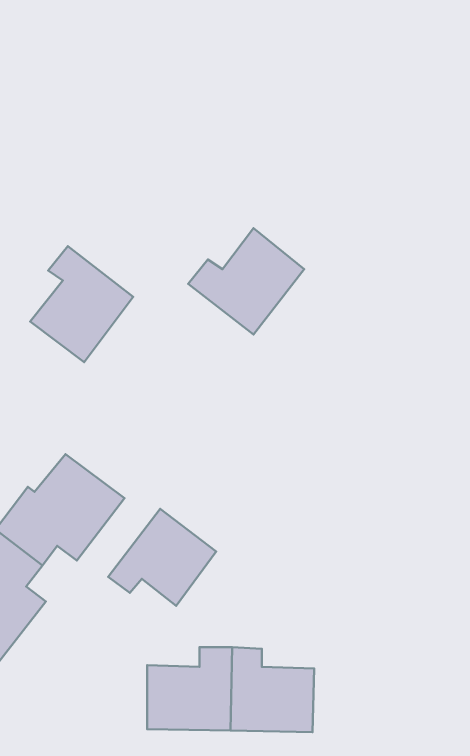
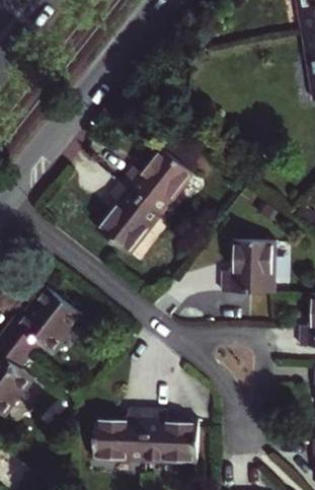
building: [30,246,133,362] -> [98,183,162,255]
building: none -> [222,240,274,293]
building: [108,509,216,606] -> none

